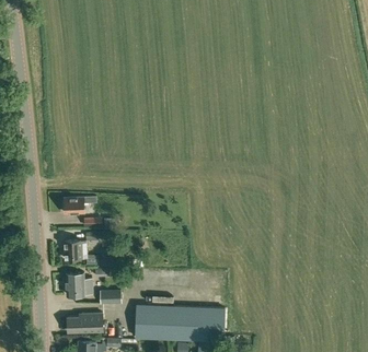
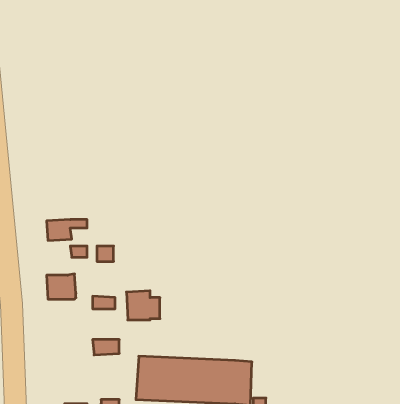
building: [66,273,92,296] -> [126,291,160,320]
building: [68,314,103,333] -> none

